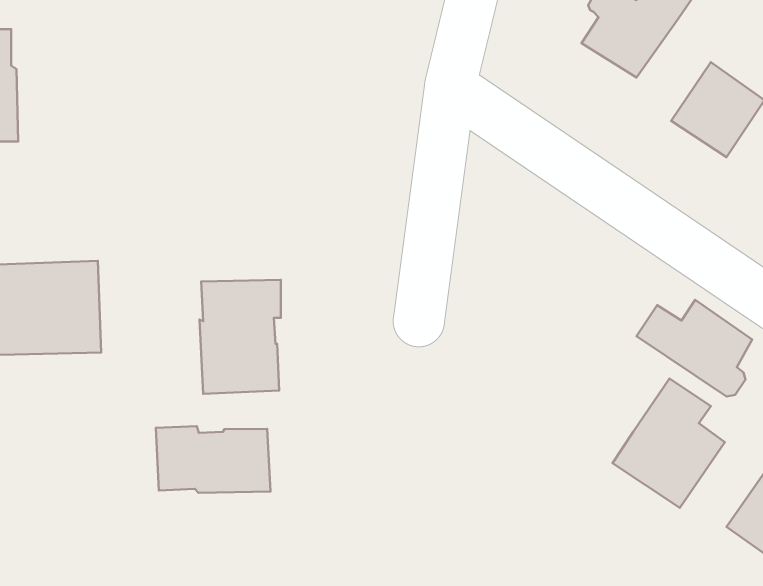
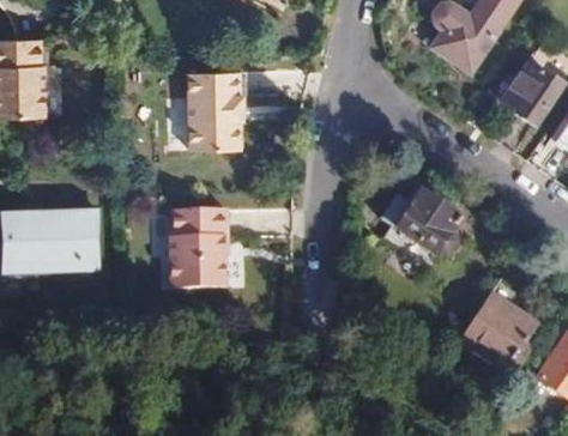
building: none -> [191,72,247,151]
building: [637,300,752,397] -> [381,193,461,260]
building: [156,426,270,493] -> none

